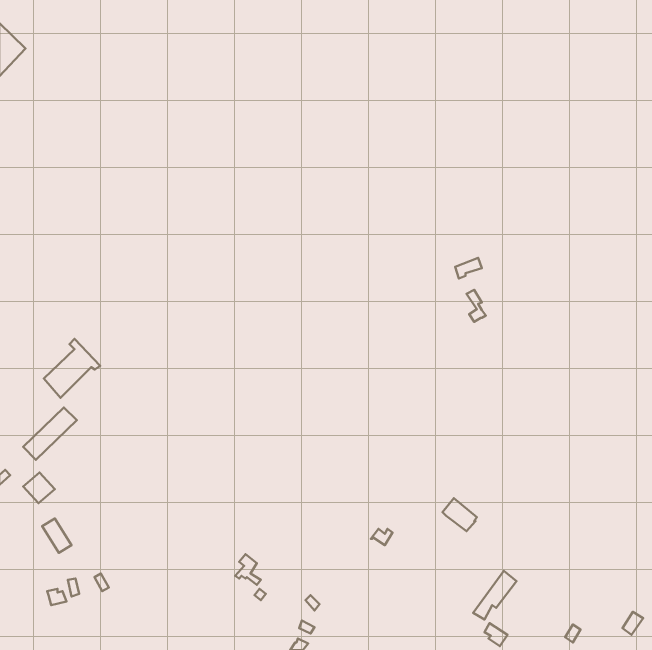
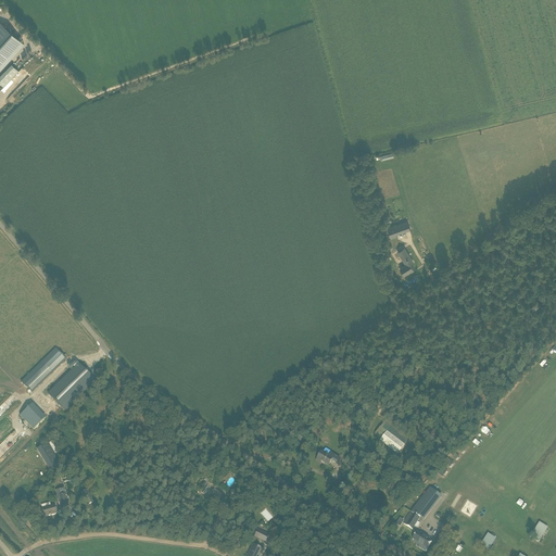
building: [44,339,100,398] -> [49,358,97,408]

